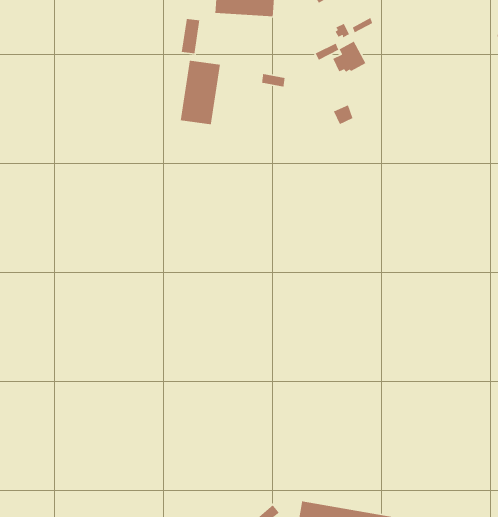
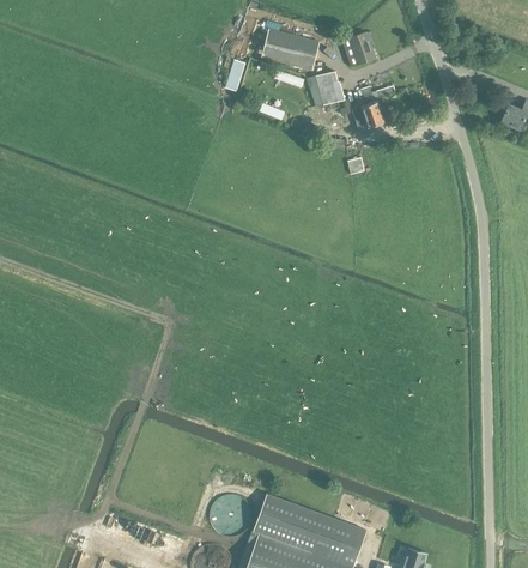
building: none -> [316,72,345,107]
building: [180,60,221,125] -> none

